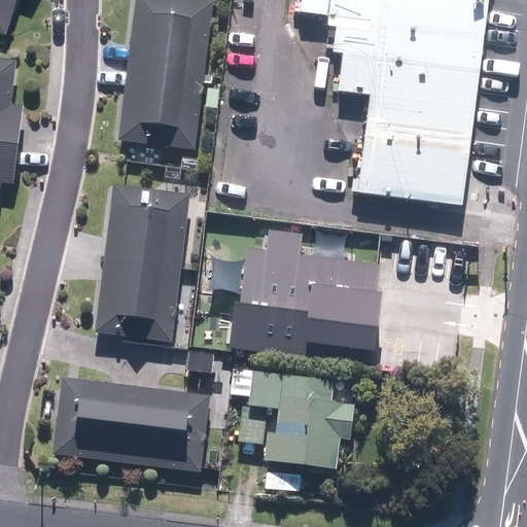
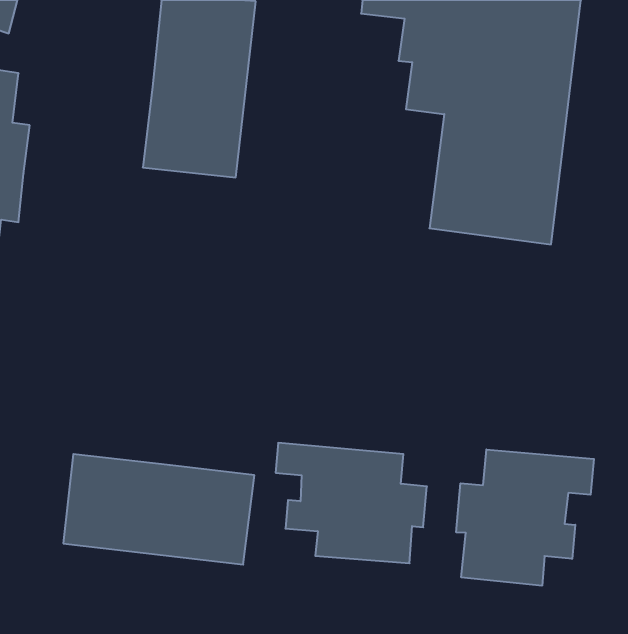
building: [95,186,192,342] -> none
building: [226,226,378,360] -> none
building: none -> [456,449,594,586]

